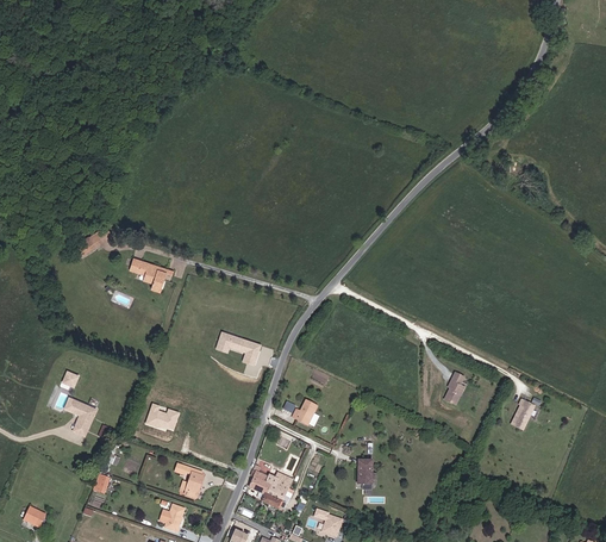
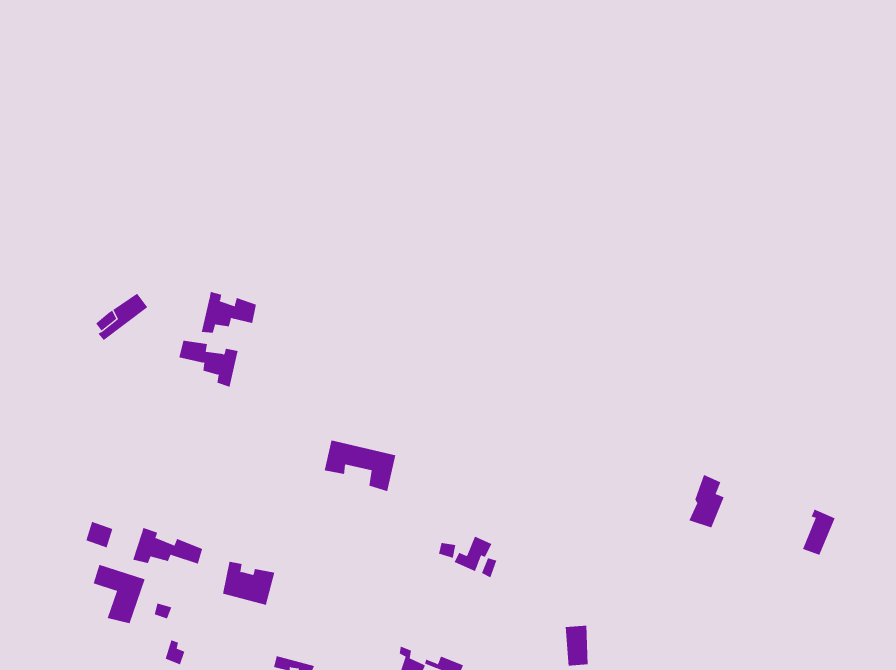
building: none -> [201,291,257,334]
building: none -> [133,527,203,564]

